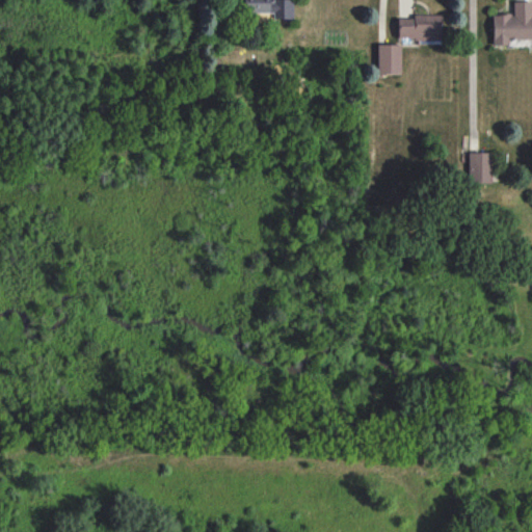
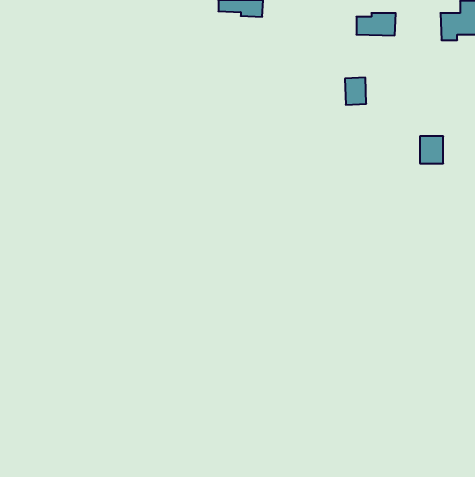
building: [378,44,402,74] -> [345,78,366,105]

